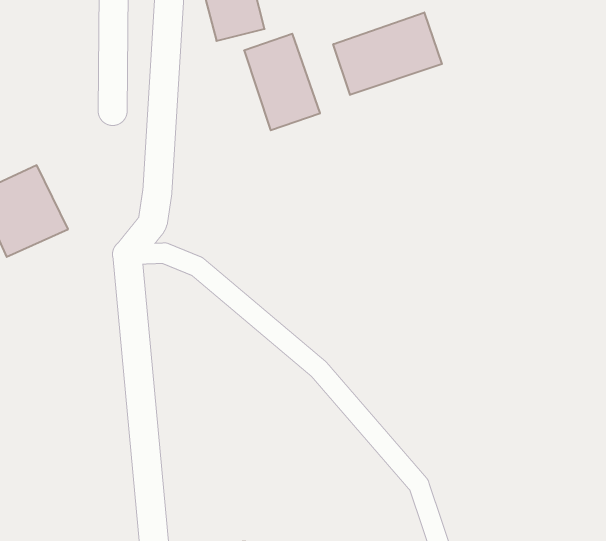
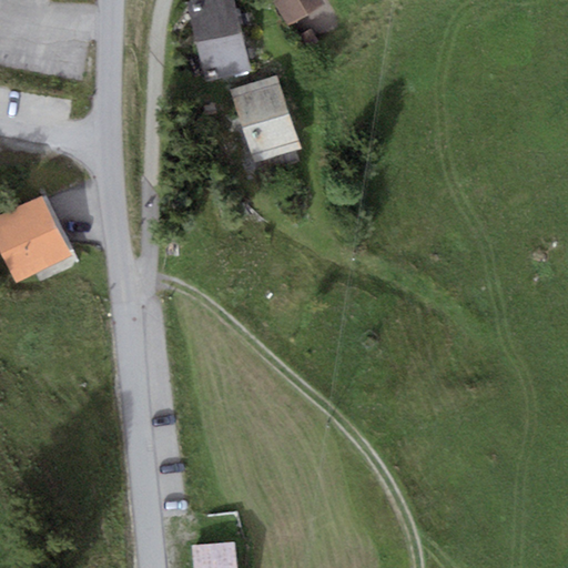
building: [333,12,442,95] -> none

